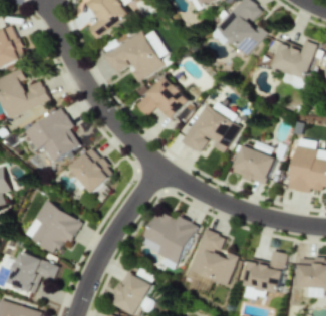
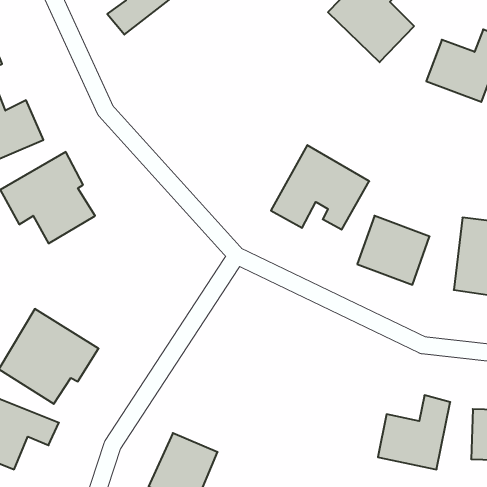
building: [103,31,162,81] -> none
building: [136,76,190,120] -> none
building: [69,147,115,194] -> none
building: [141,211,198,264] -> none
building: [189,229,238,285] -> none

